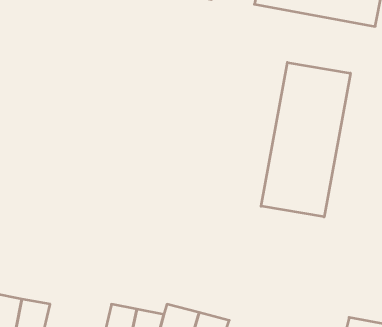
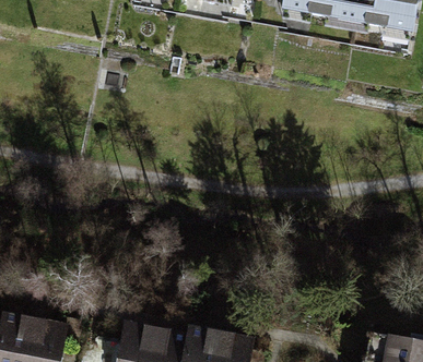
building: [261,62,350,217] -> none

